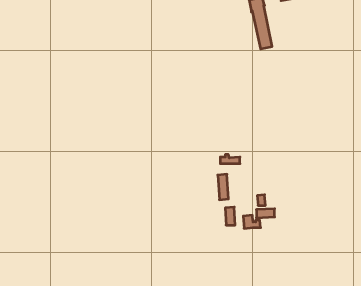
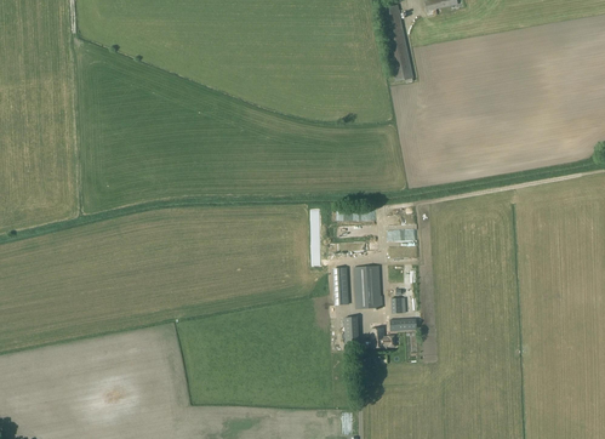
building: none -> [354,266,383,309]

